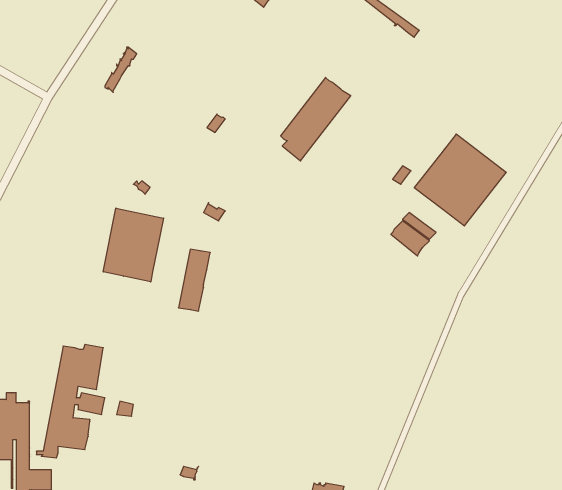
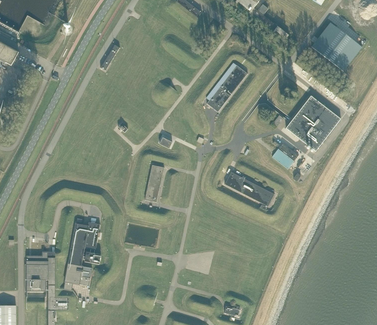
building: none -> [311,23,362,71]
building: [103,208,164,282] -> none
building: none -> [224,171,274,206]

